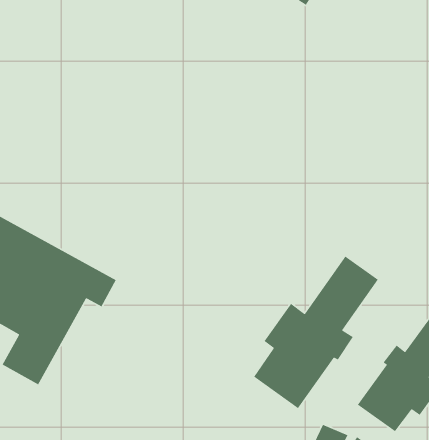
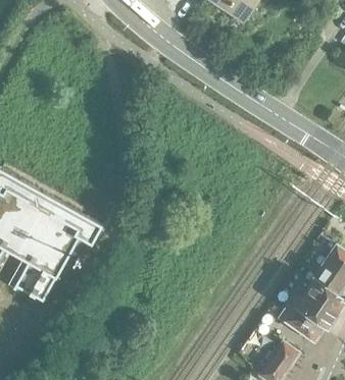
building: [253,256,379,409] -> none

